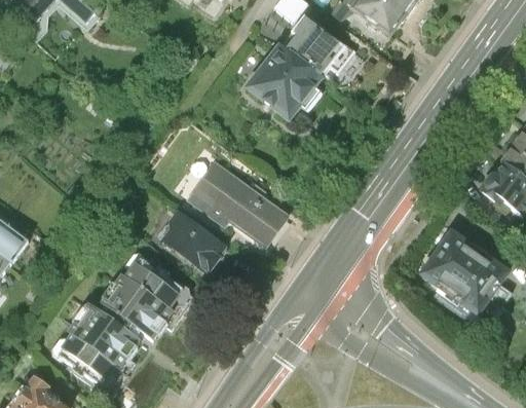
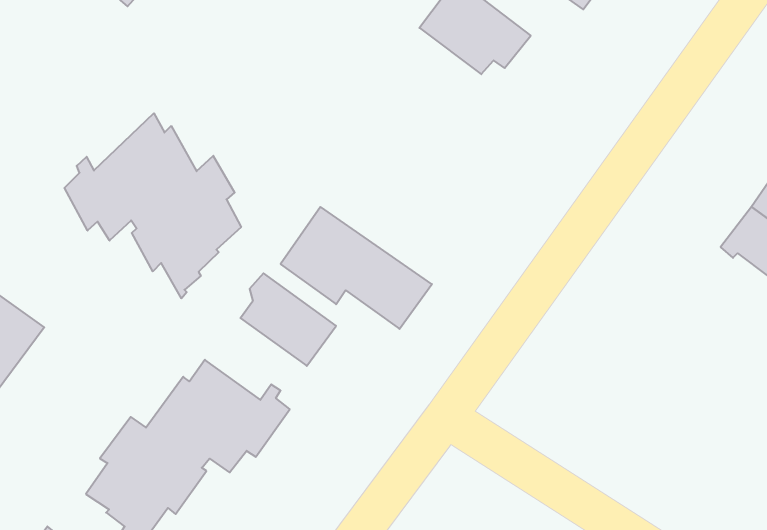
building: [246,45,321,120] -> none
building: none -> [64,113,241,298]
building: [418,227,506,311] -> none

